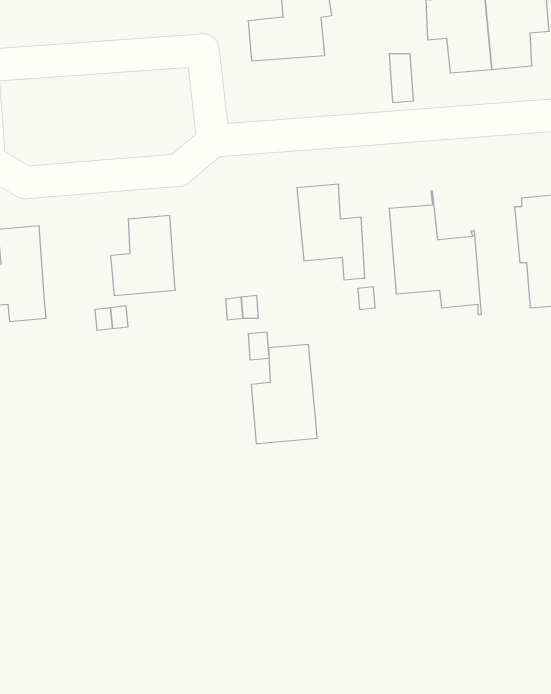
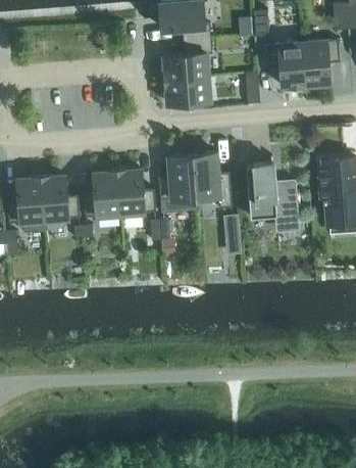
building: none -> [166,77,211,104]
building: none -> [118,170,157,215]
building: none -> [42,176,81,221]
building: [251,344,317,444] -> [159,154,198,213]

